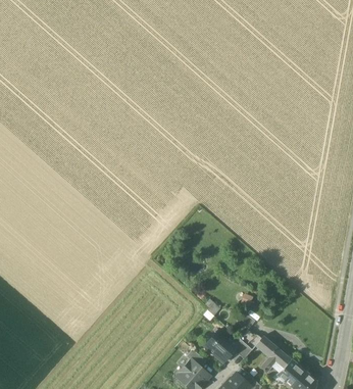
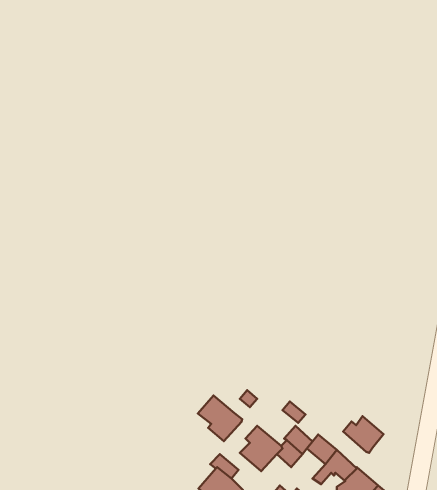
building: none -> [198,396,242,441]
building: none -> [343,416,383,453]

